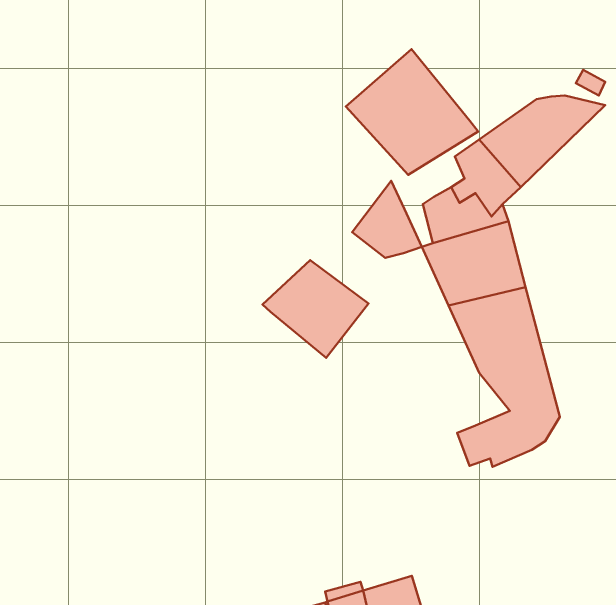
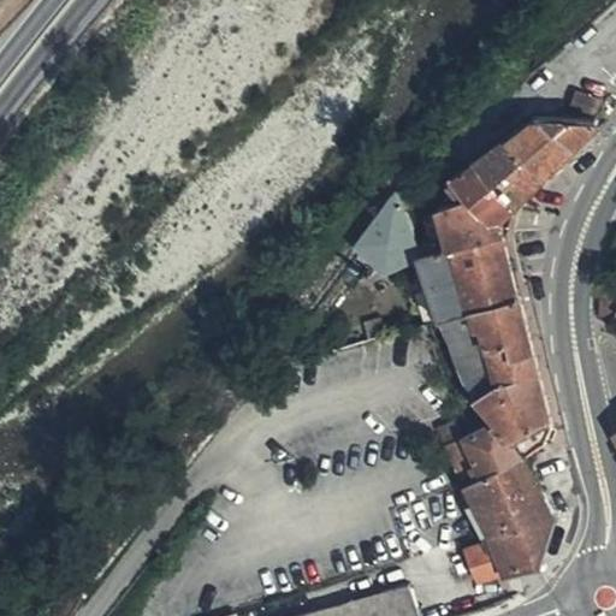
building: [346,49,478,175] -> none
building: [263,260,368,358] -> none
building: none -> [466,462,552,584]

